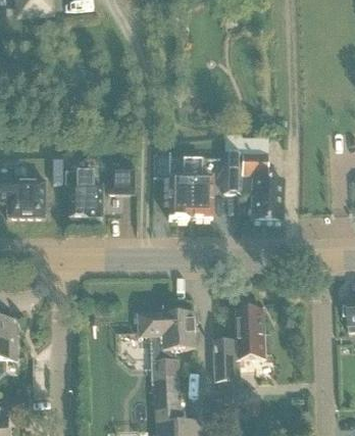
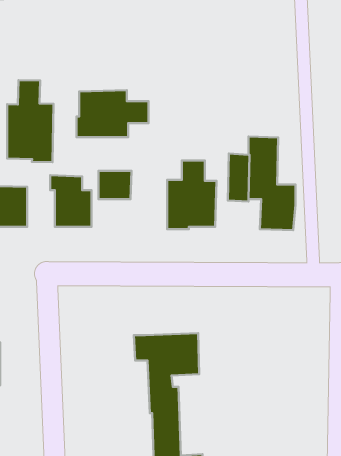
building: none -> [7,80,54,162]
building: none -> [77,90,148,137]
building: [212,307,269,403] -> none

